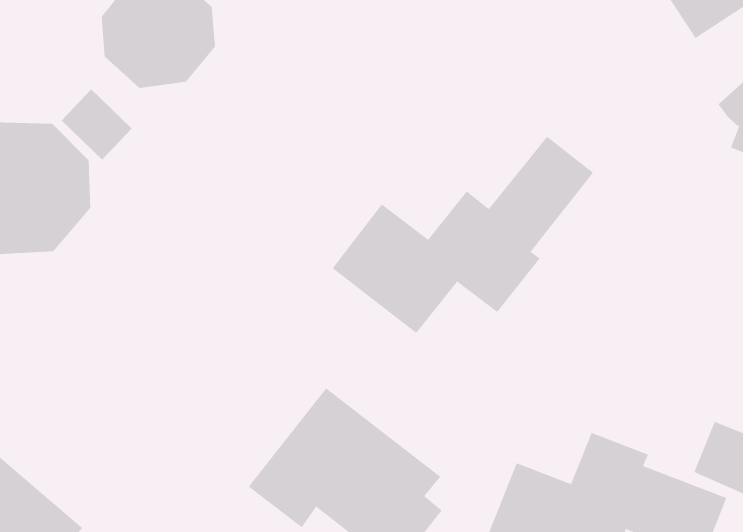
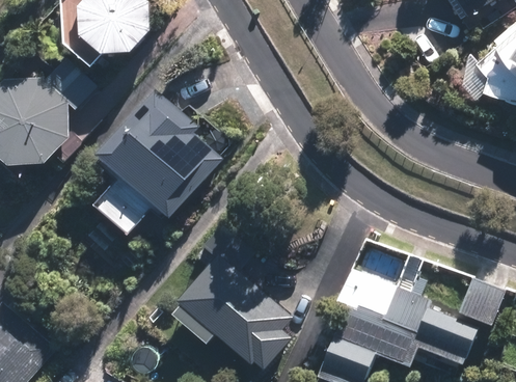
building: none -> [90,83,235,229]
building: [332,136,594,334] -> none

